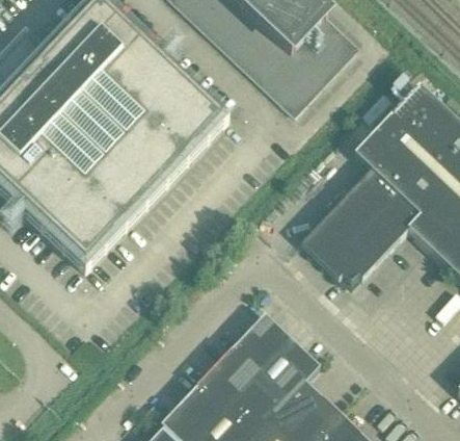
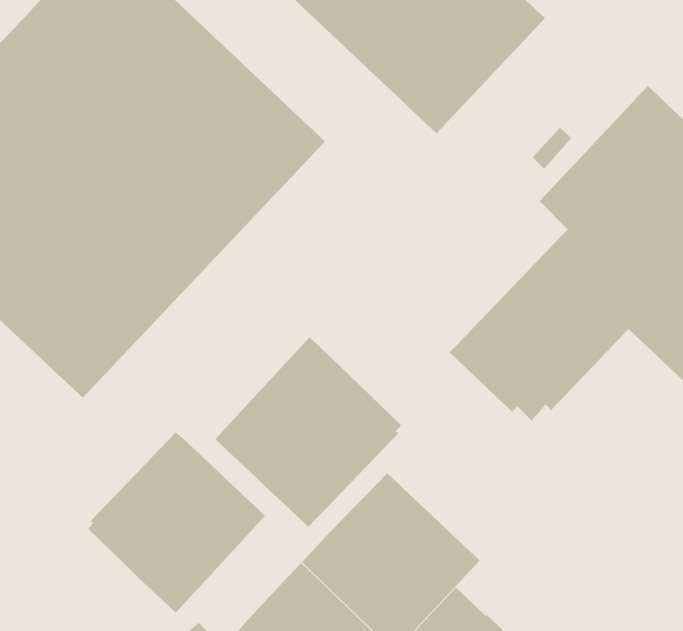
building: none -> [214,336,402,528]
building: none -> [87,432,266,613]

